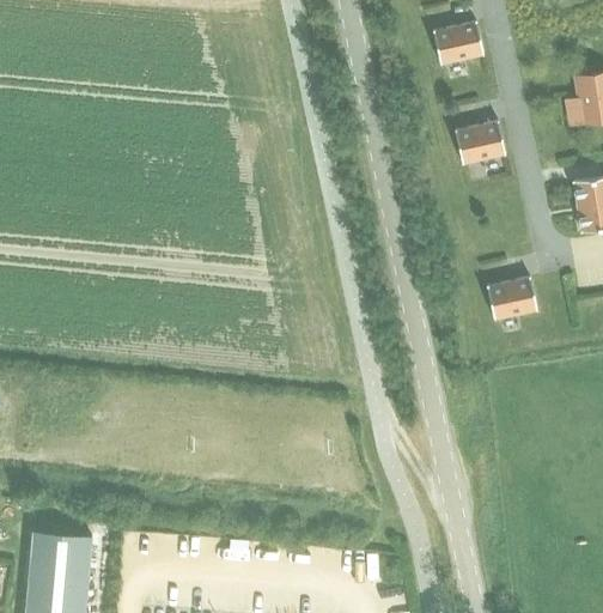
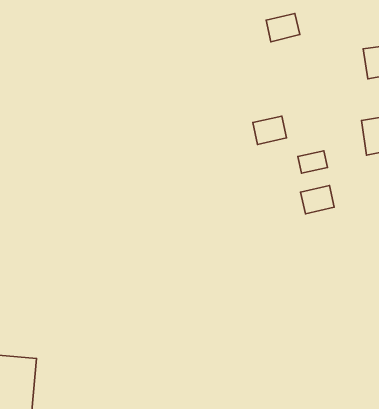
building: [455,121,505,163] -> [253,116,287,144]
building: none -> [298,151,328,173]

